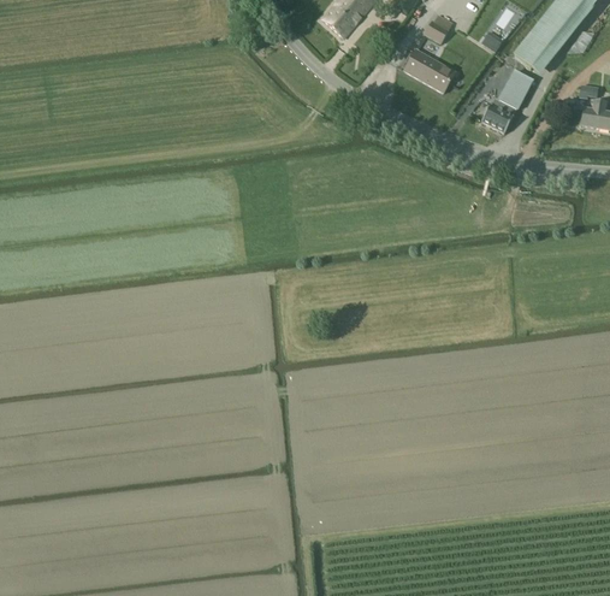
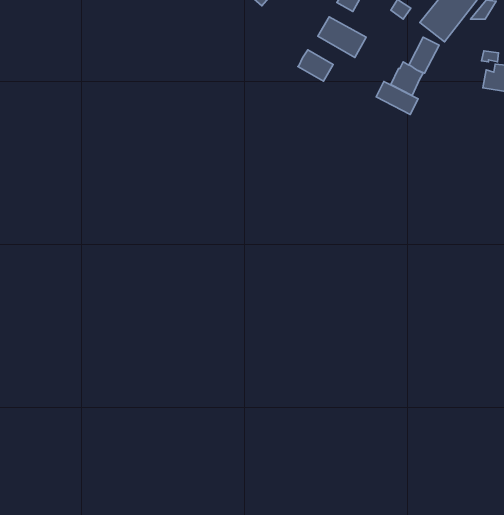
building: none -> [298,50,333,81]
building: none -> [376,81,418,114]

